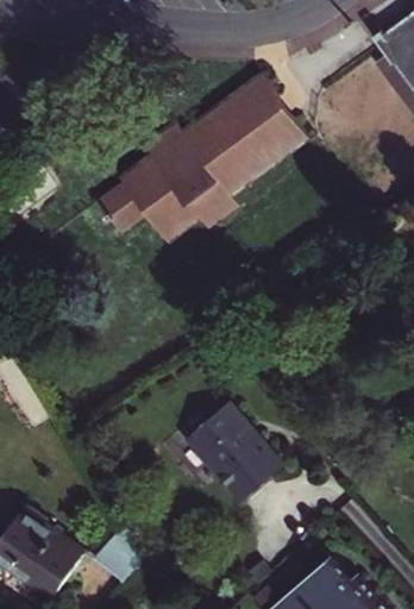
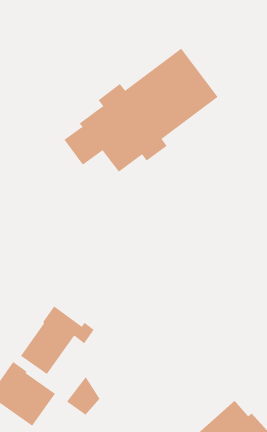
building: [186,403,282,501] -> none
building: none -> [20,306,95,375]

